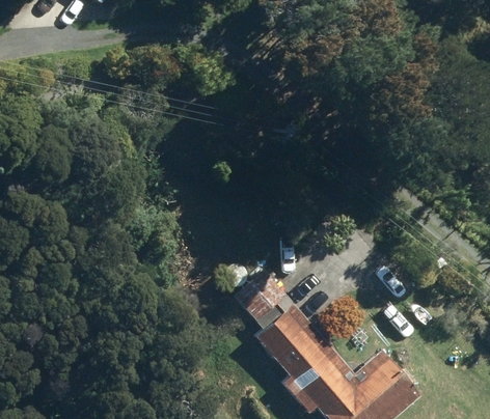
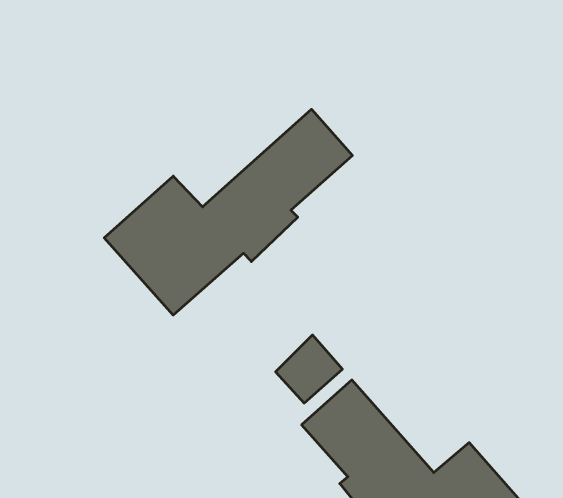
building: none -> [104,109,352,315]

